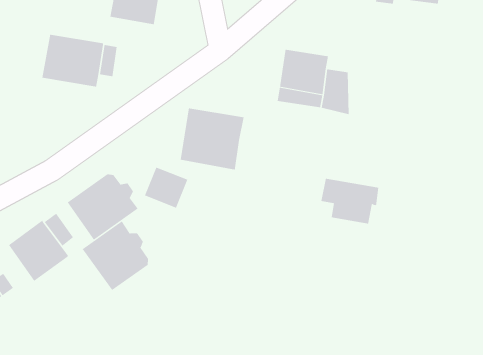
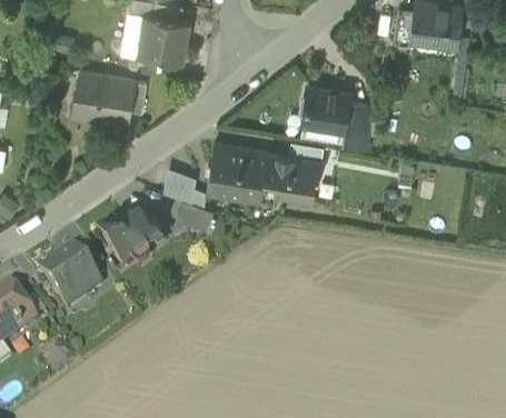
building: none -> [165,167,195,200]
building: [320,178,379,224] -> [264,150,320,195]
building: [82,221,148,291] -> none

